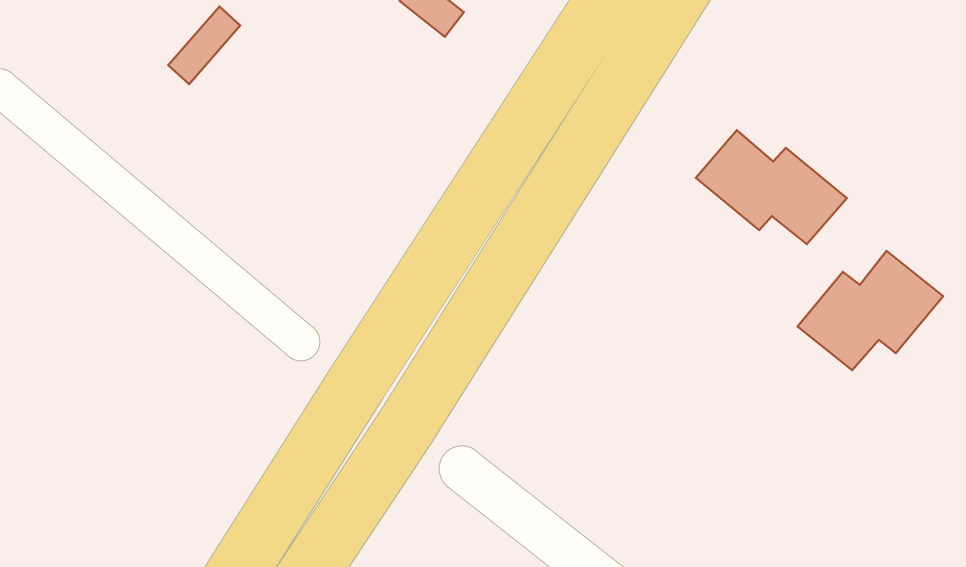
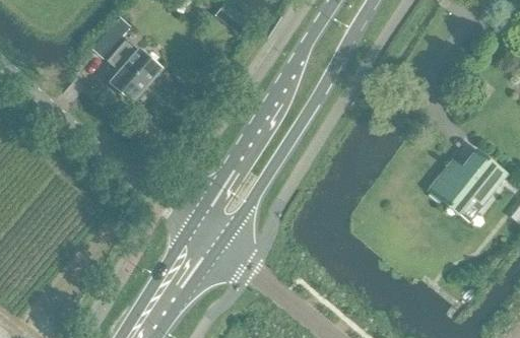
building: none -> [107,39,162,103]
building: [696,130,847,244] -> none

